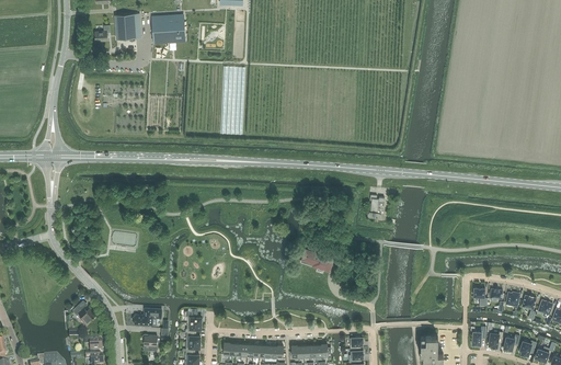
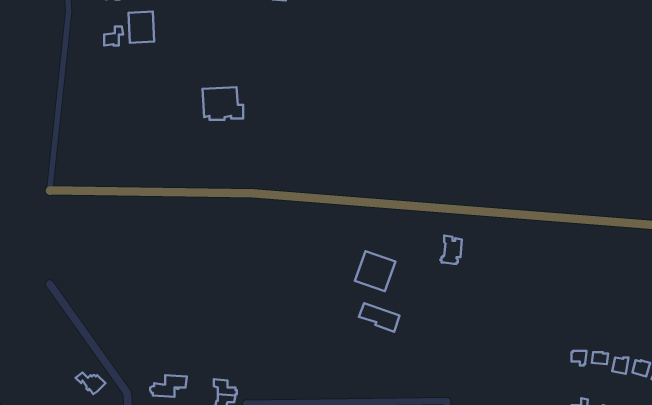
building: [152,15,185,42] -> [203,87,243,120]
building: none -> [355,251,395,291]

